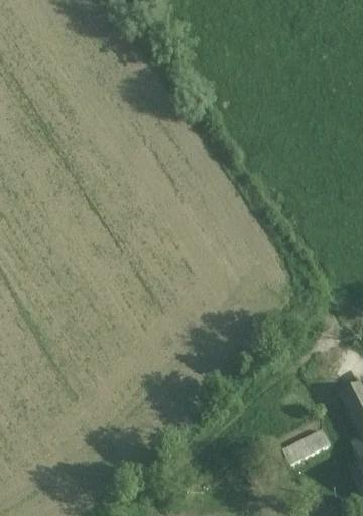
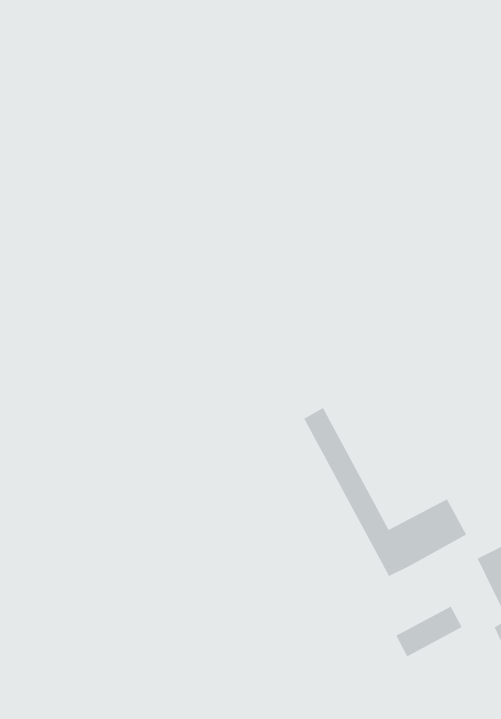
building: none -> [304,407,467,577]

